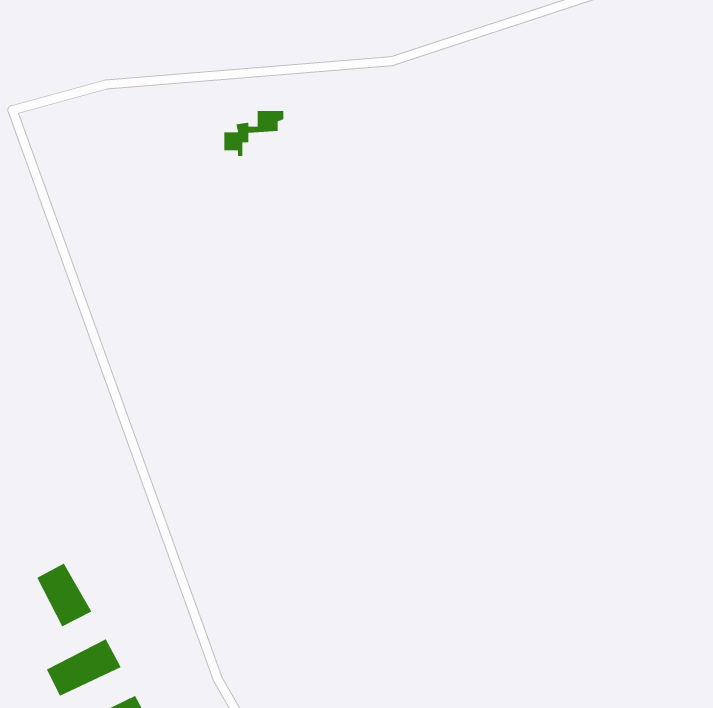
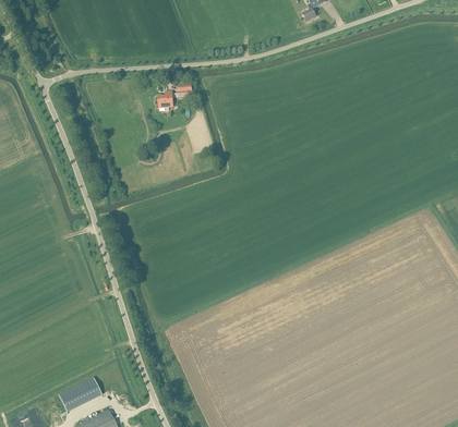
building: [36,563,93,627] -> none

